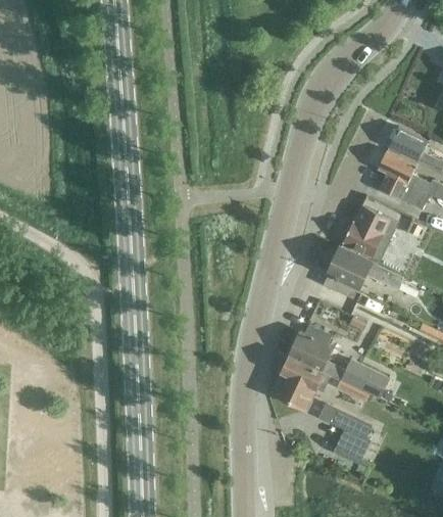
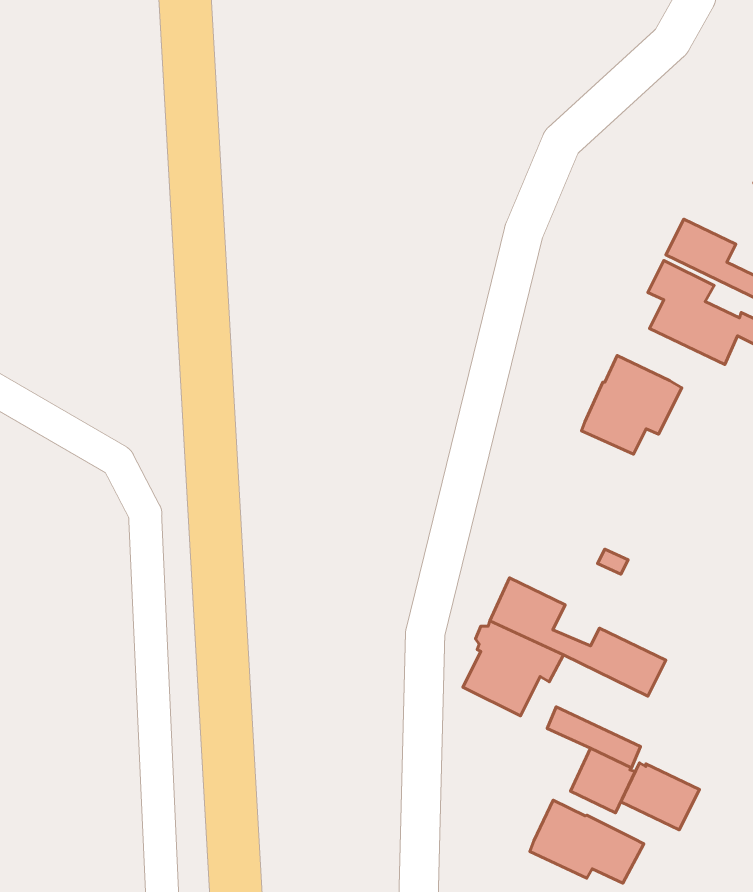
building: [324,246,403,298] -> none
building: none -> [621,763,699,830]
building: none -> [530,800,644,883]

